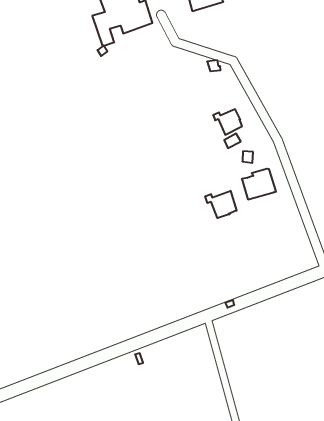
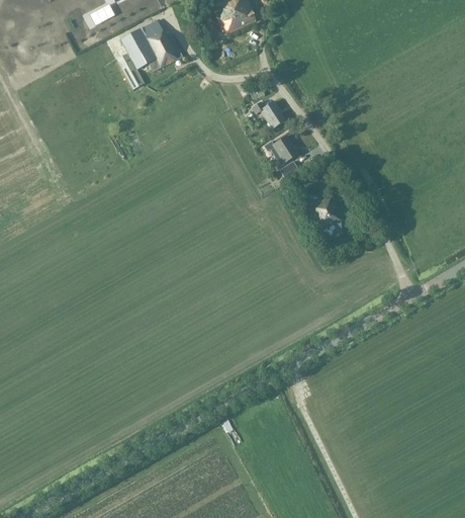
building: none -> [253,100,286,130]
building: [205,191,237,218] -> none

